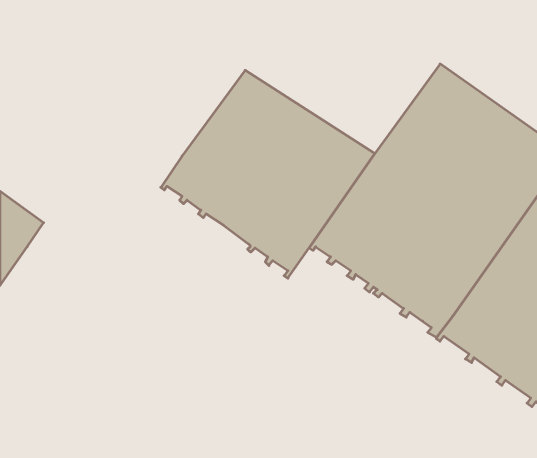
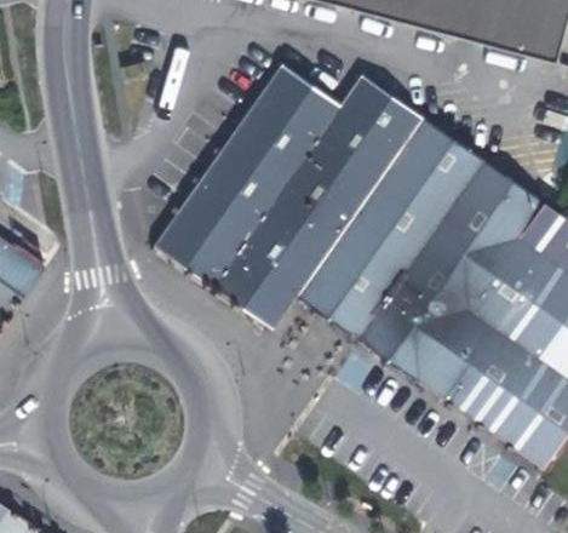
building: none -> [236,62,424,201]

